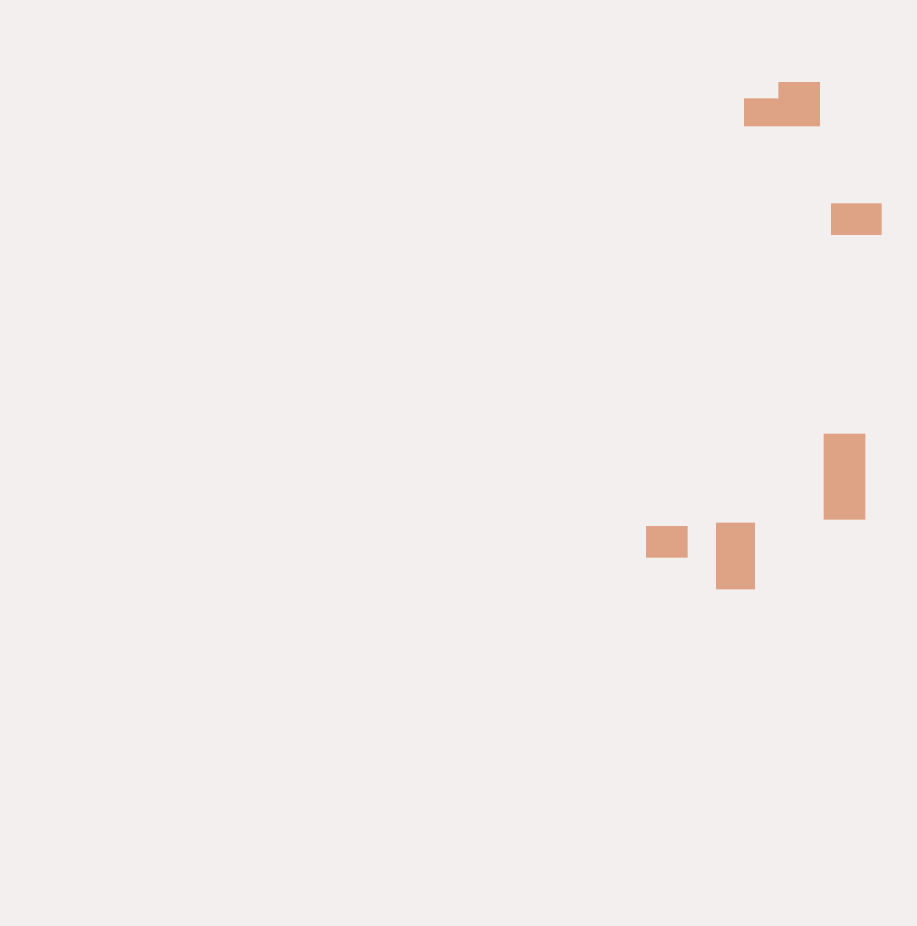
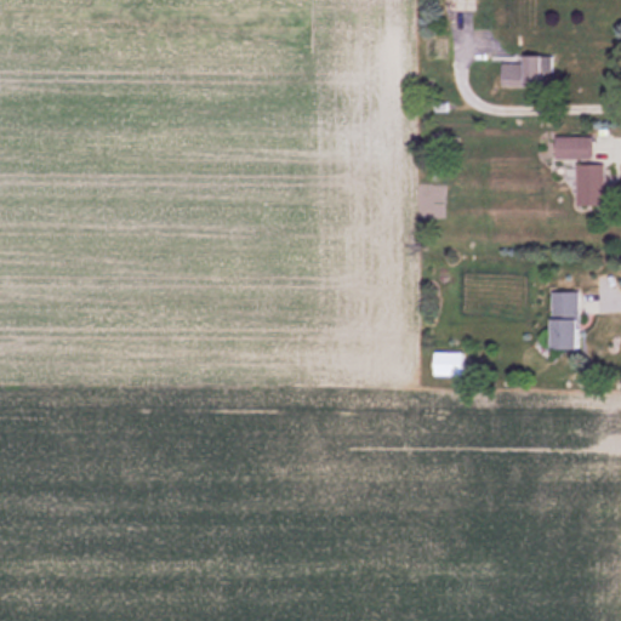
building: none -> [576,164,602,205]
building: [716,522,755,590] -> none

